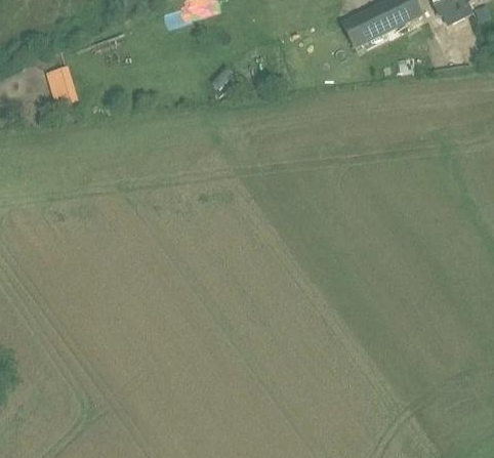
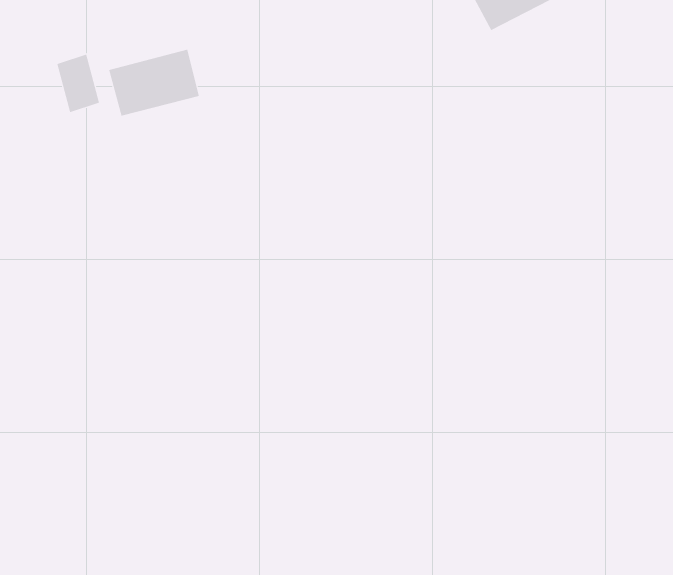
building: none -> [109,49,199,116]

